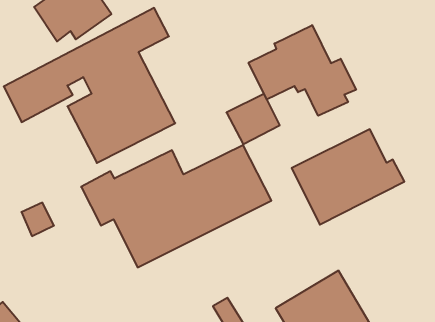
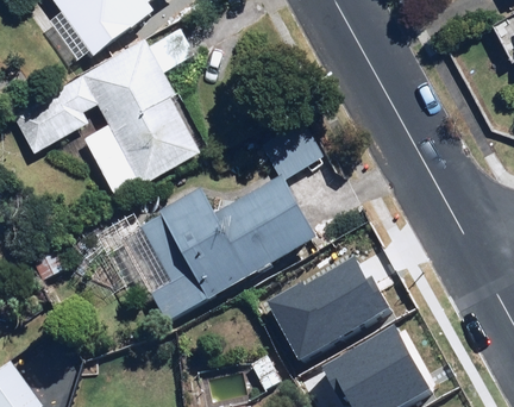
building: [249,25,356,116] -> none
building: [292,129,404,225] -> [259,250,388,358]

